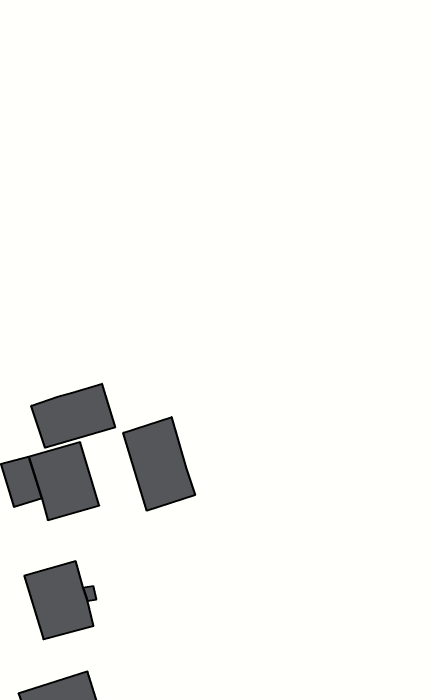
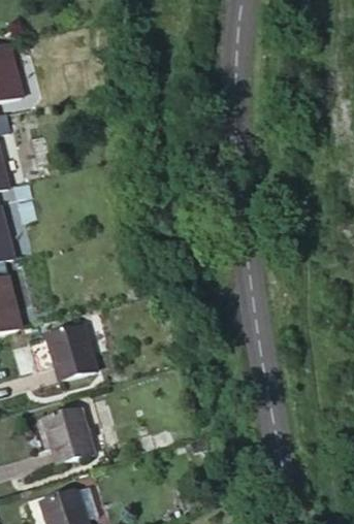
building: [31,384,115,448] -> none
building: [123,417,195,511] -> none

